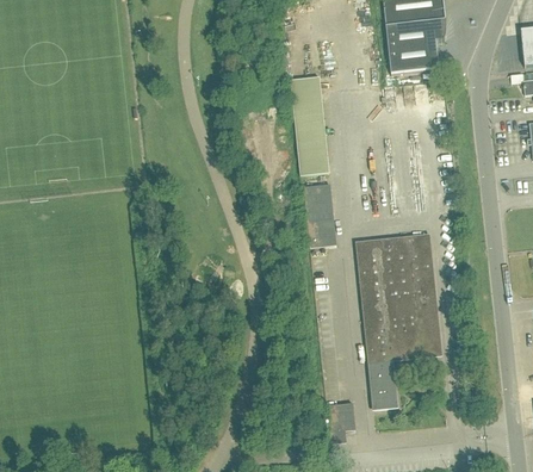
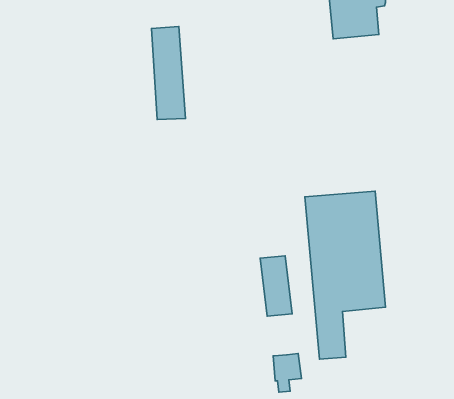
building: [296,76,331,174] -> [151,26,185,120]
building: [302,185,335,248] -> [260,256,292,316]

